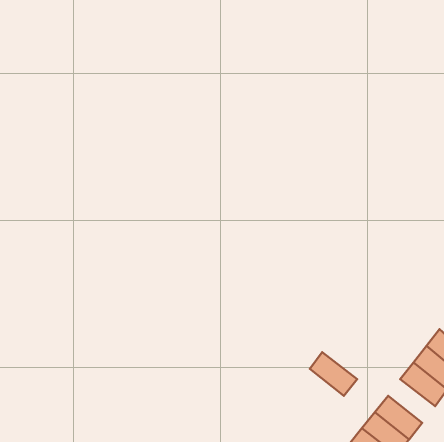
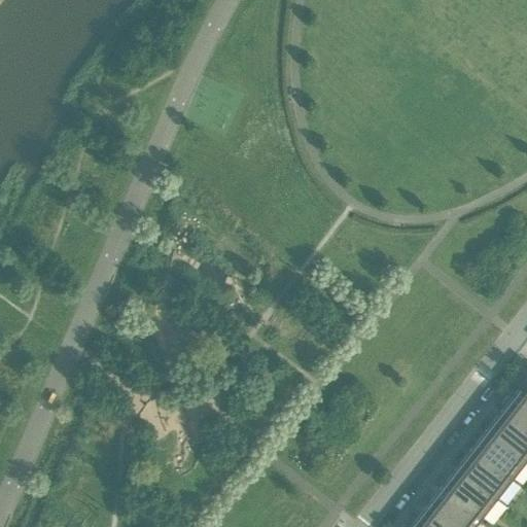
building: [310,352,357,396] -> [460,452,516,503]

